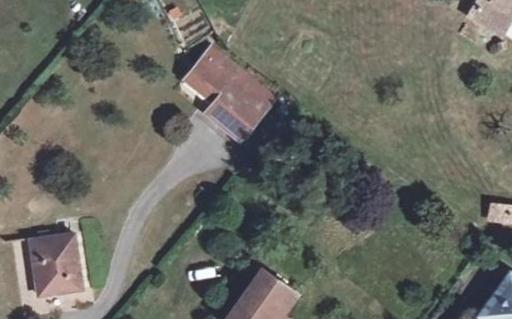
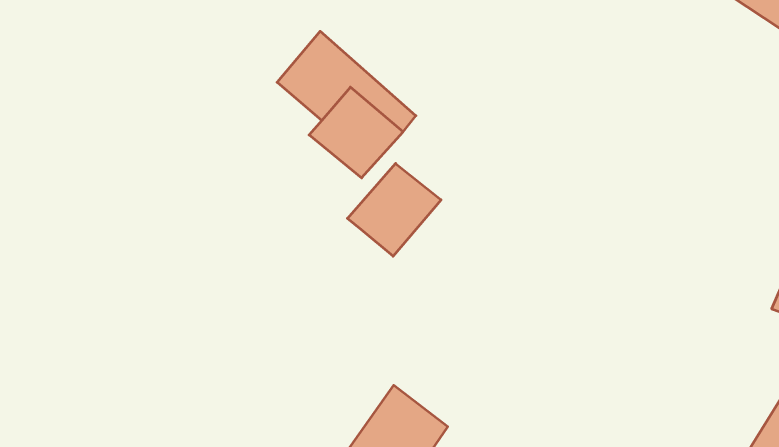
building: none -> [347,163,441,256]
building: [28,238,79,297] -> none

